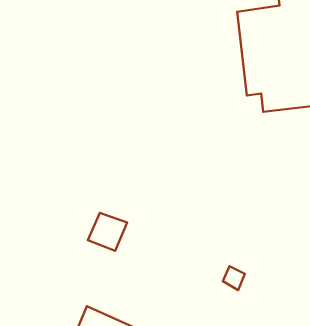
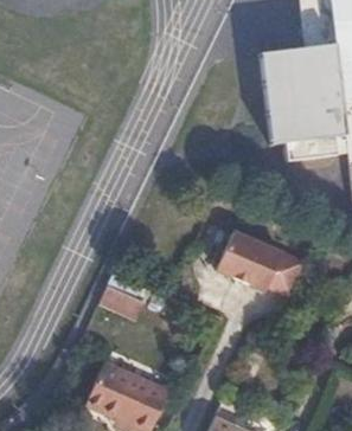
building: none -> [216,230,307,294]

